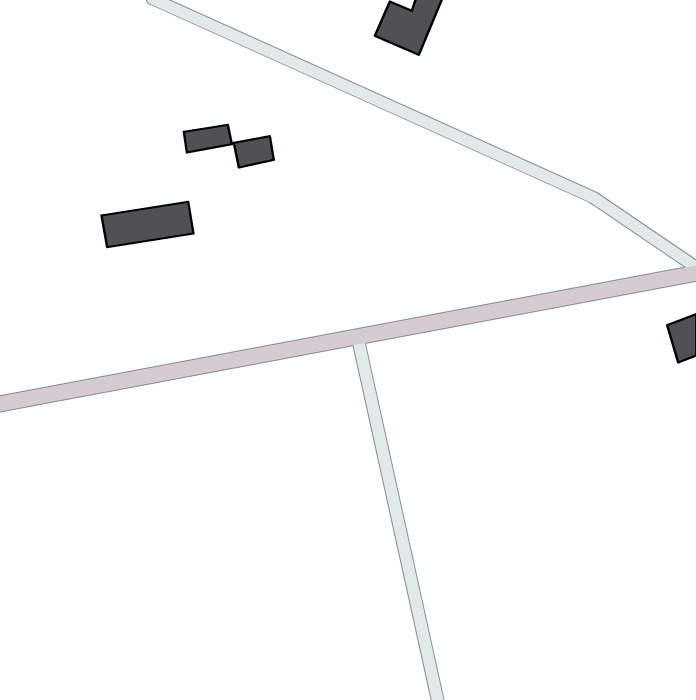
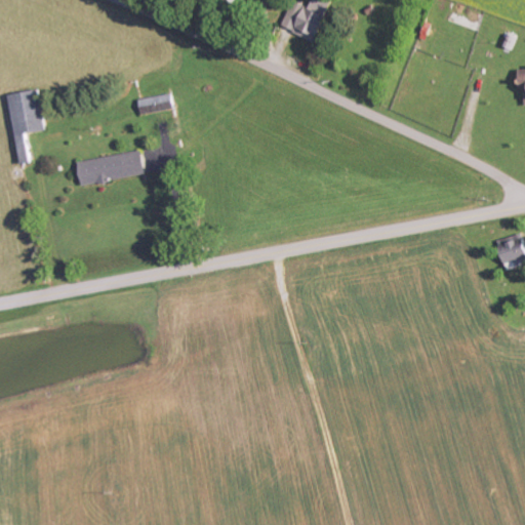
building: none -> [6,89,44,165]
building: [234,136,274,167] -> none

